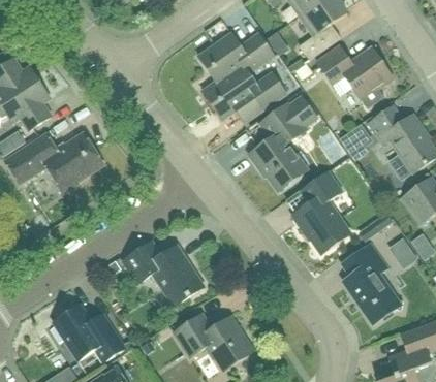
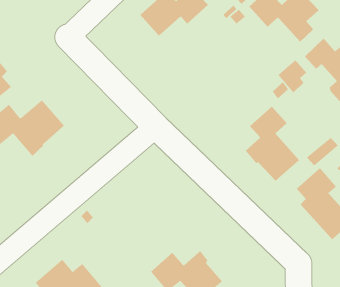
building: [203,63,286,122] -> none
building: [249,93,318,189] -> none
building: [123,241,205,306] -> none

